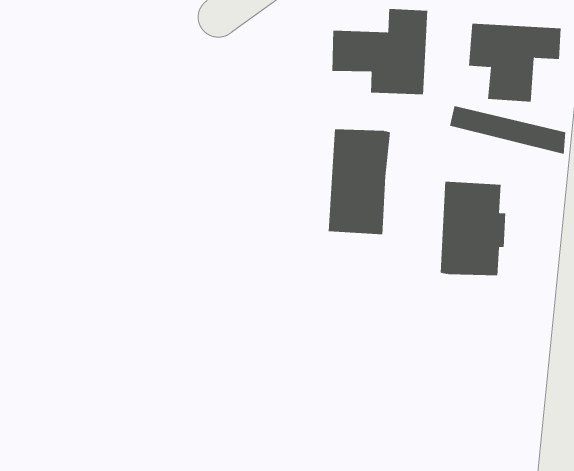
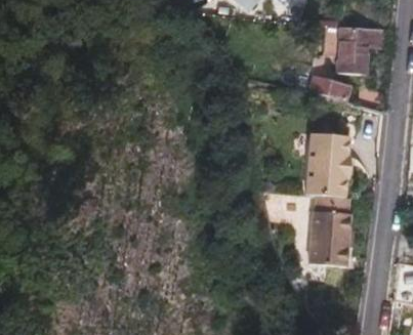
building: [332,8,428,95] -> none
building: [328,129,391,235] -> [302,185,343,254]

